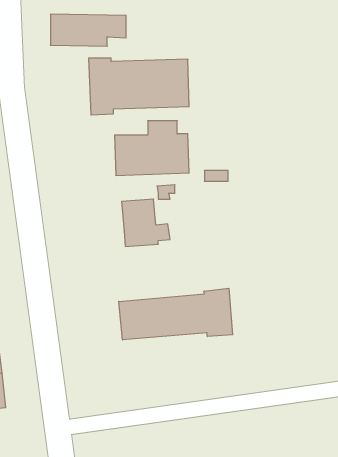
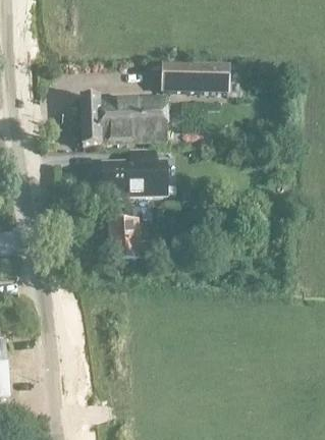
building: [50,14,126,46] -> [162,63,227,91]
building: [119,288,233,340] -> none

